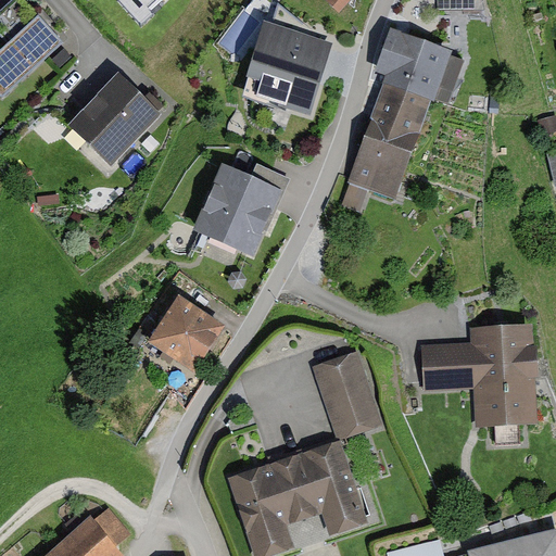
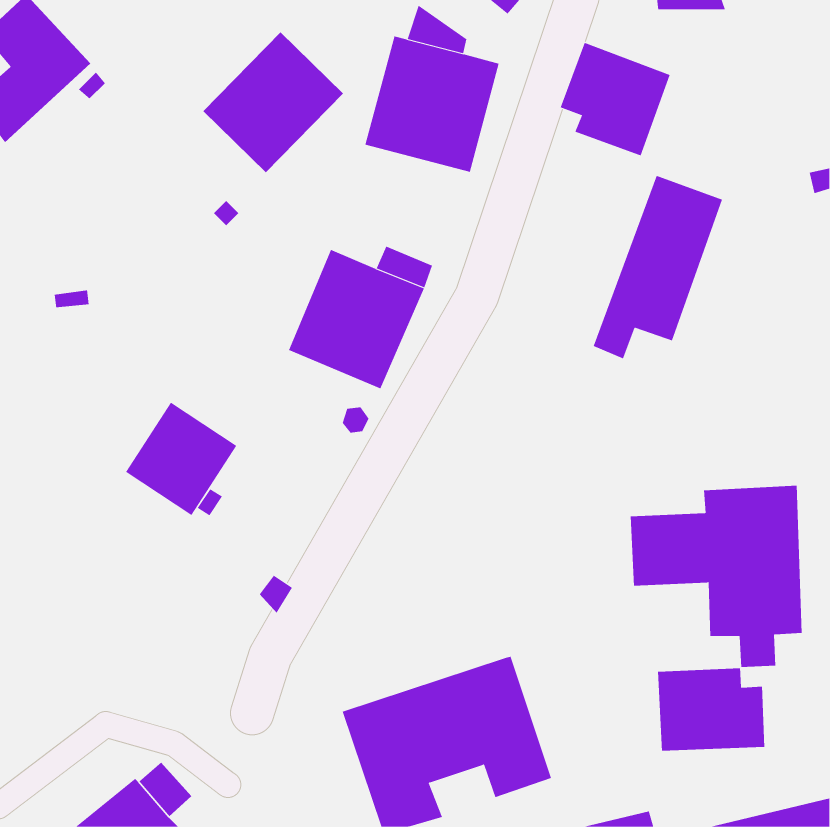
building: [66,75,161,169] -> [202,31,344,173]
building: [341,88,428,211] -> [593,175,723,359]
building: [148,298,223,374] -> [125,402,237,516]
building: [312,349,383,439] -> none
building: none -> [658,667,765,751]

